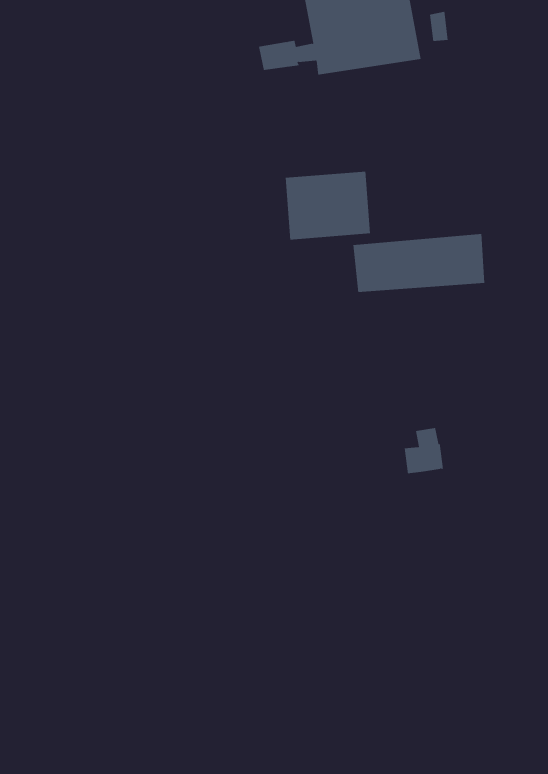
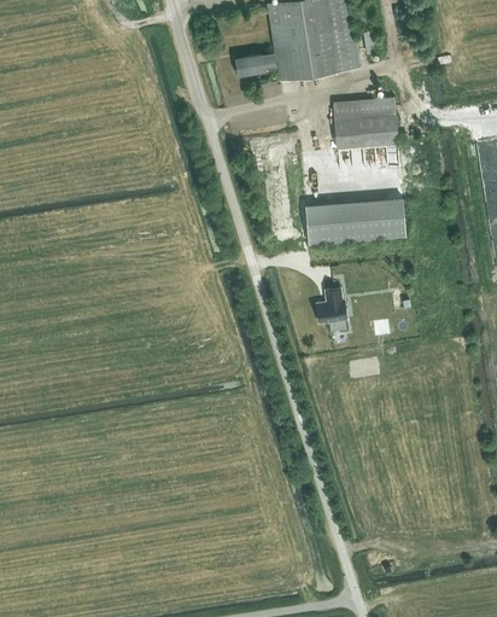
building: [285,171,371,240] -> [332,97,397,149]
building: [404,428,444,474] -> [316,289,346,324]

